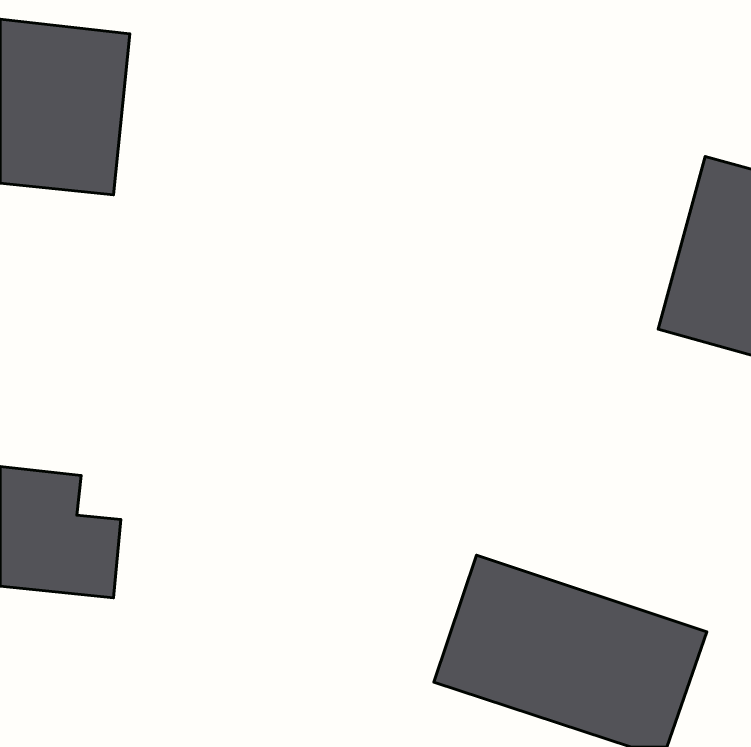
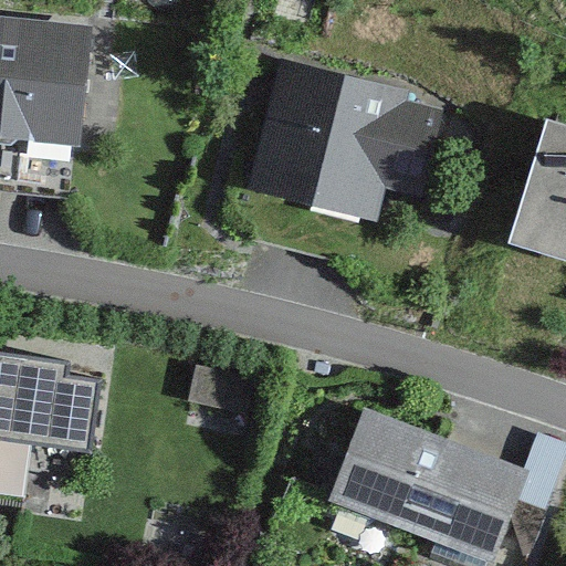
building: none -> [243,53,451,222]

